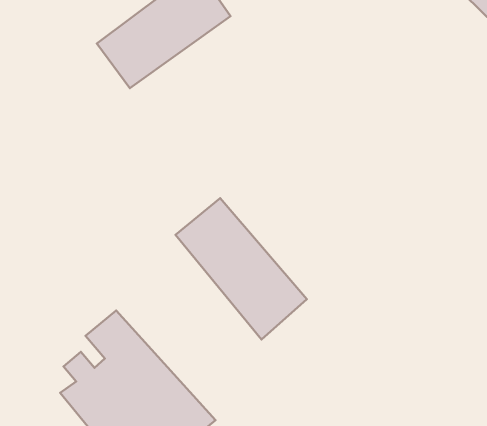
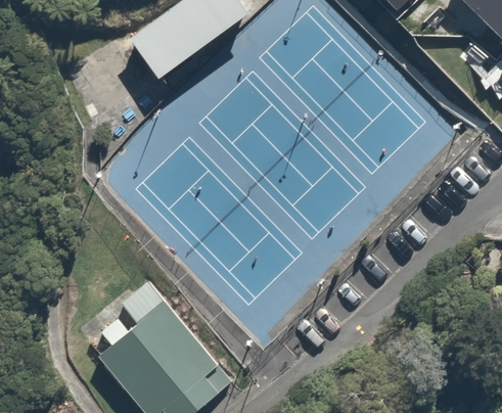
building: [175,198,307,340] -> none

